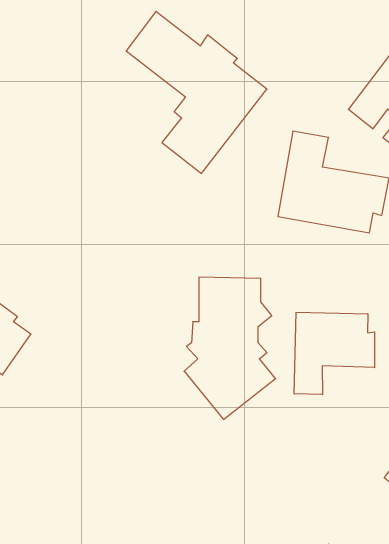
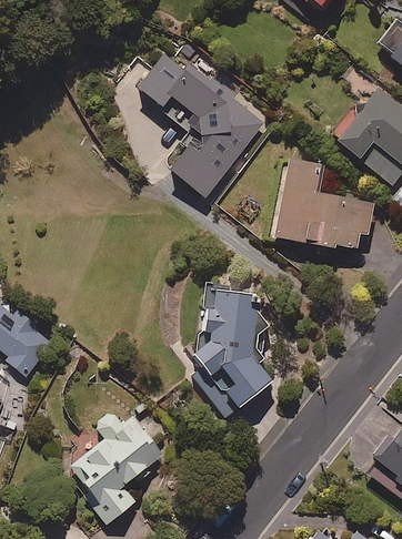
building: [294,312,375,395] -> none
building: none -> [68,410,162,523]

